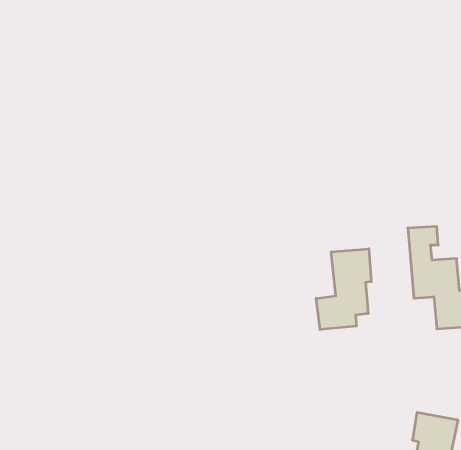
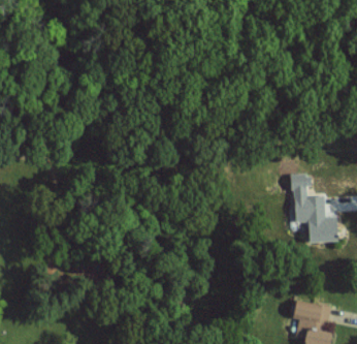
building: [316,249,371,330] -> none

